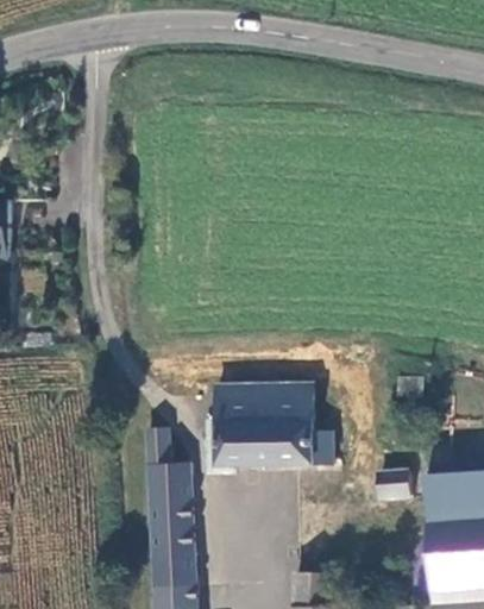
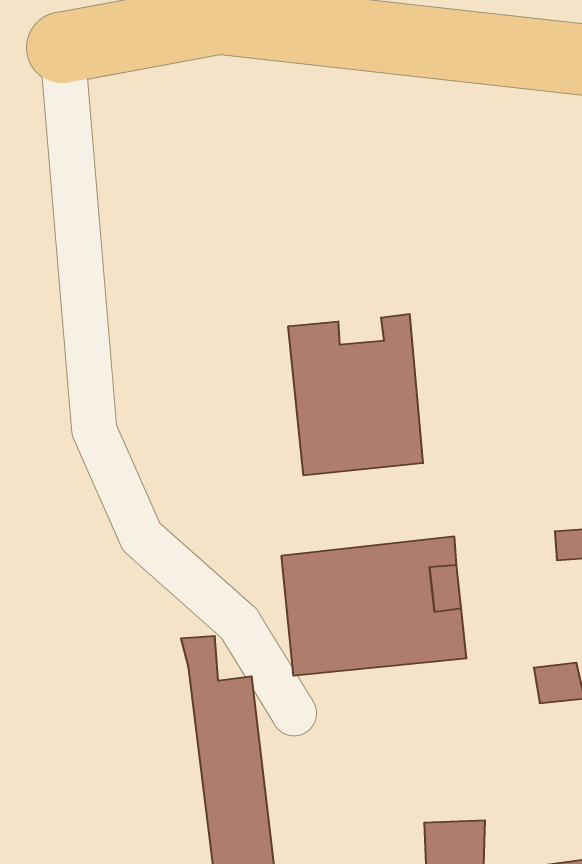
building: none -> [288,314,423,475]

